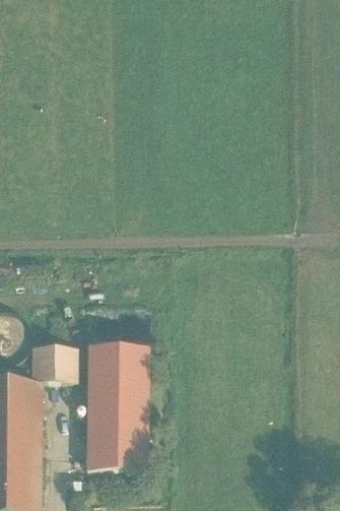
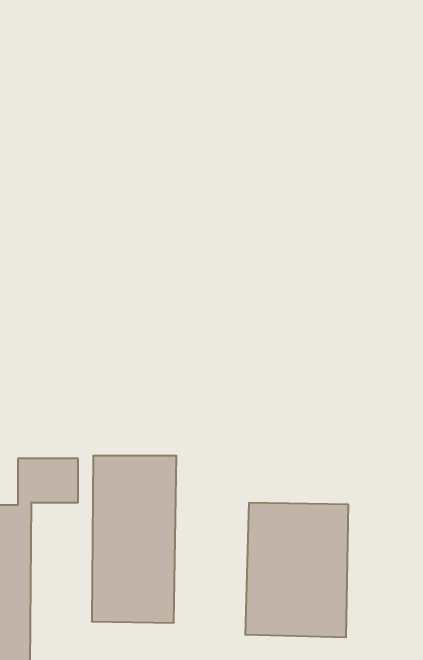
building: none -> [245,503,348,637]

